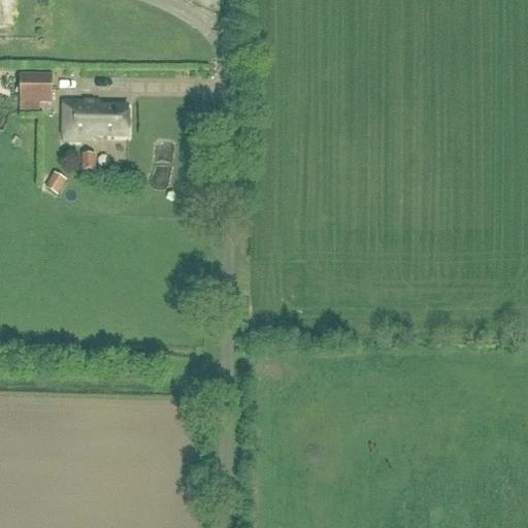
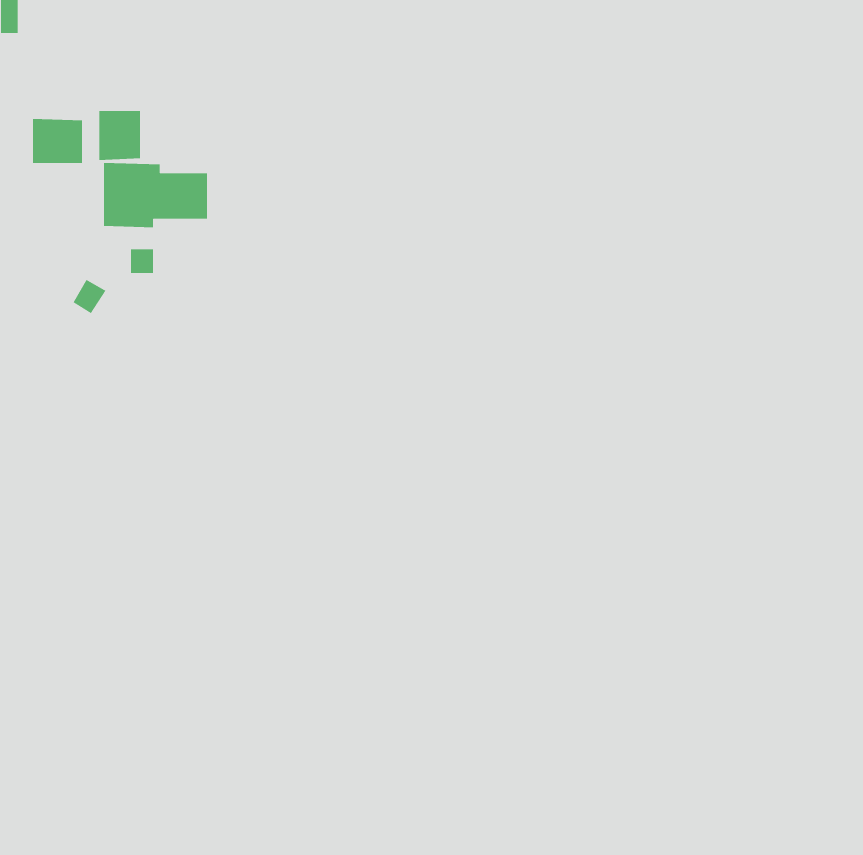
building: none -> [99,110,141,161]

